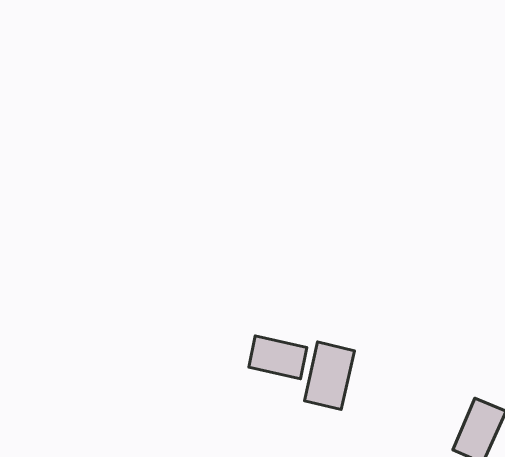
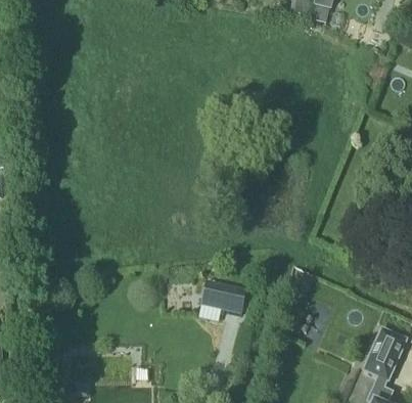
building: [304,342,354,410] -> none

